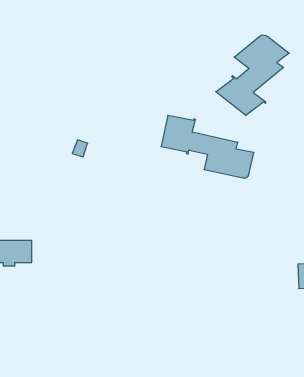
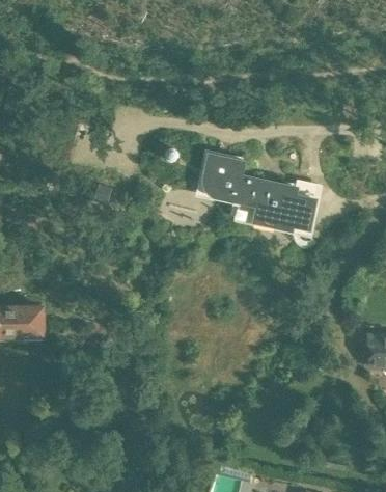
building: [216,35,289,116] -> none

